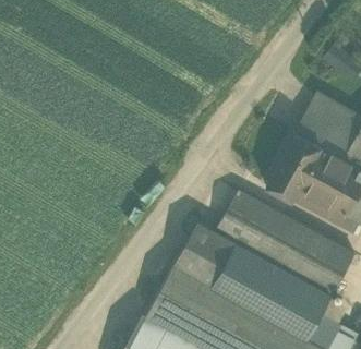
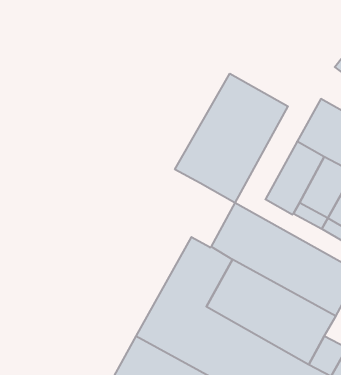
building: none -> [175,74,288,203]

